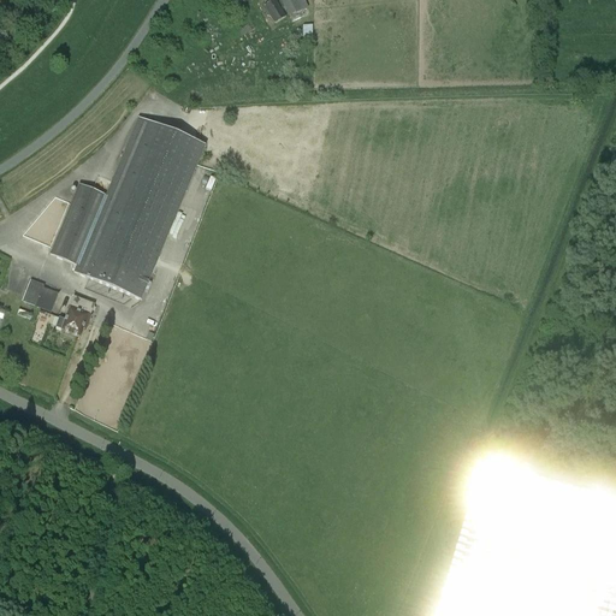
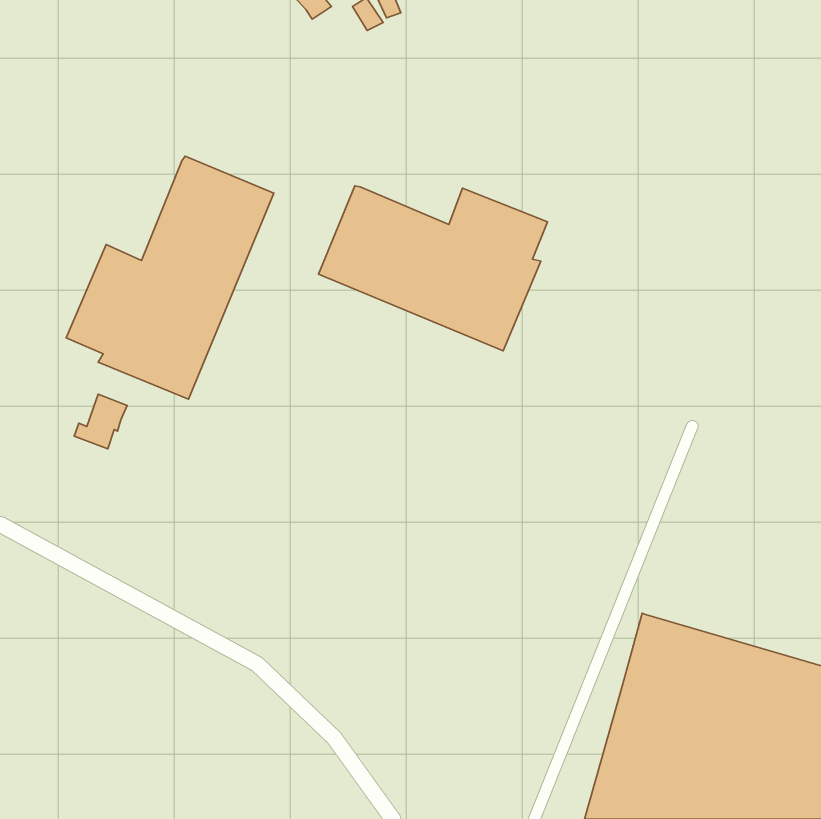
building: none -> [319,186,547,351]
building: [23,279,59,310] -> none

